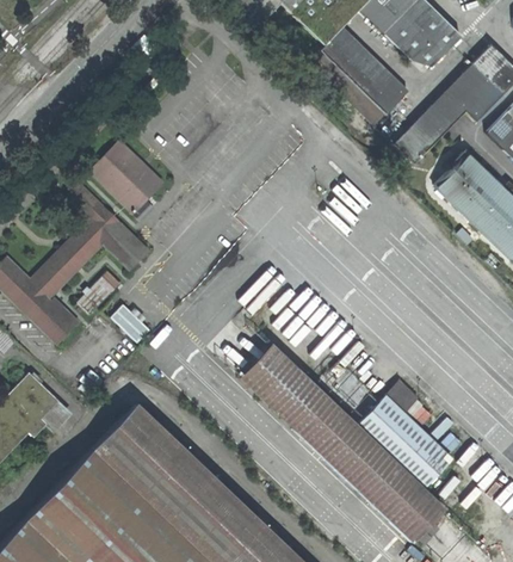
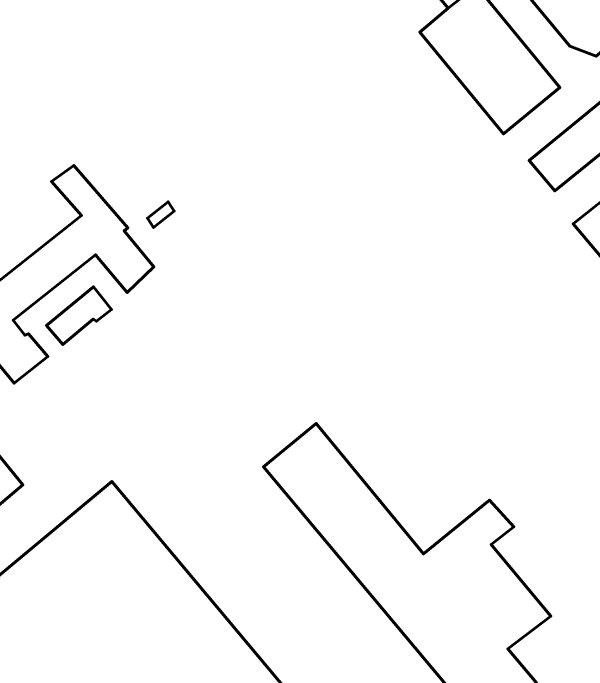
building: [92,142,163,211] -> none
building: [116,303,155,341] -> none

